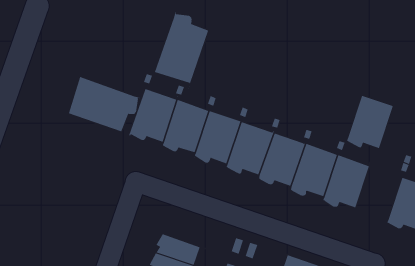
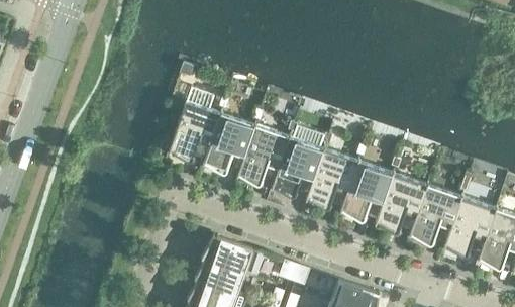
building: [154,11,209,90] -> none
building: [62,76,141,132] -> none
building: [345,95,394,149] -> [411,185,464,242]
building: none -> [205,235,265,276]

